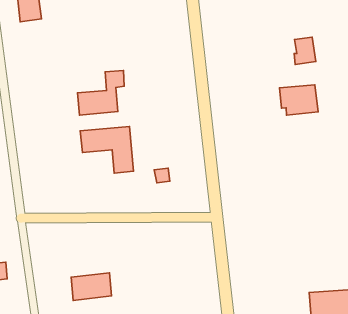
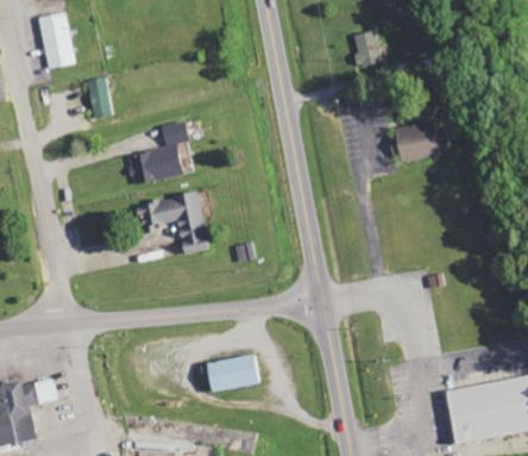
building: none -> [88,76,111,117]
building: [294,37,316,65] -> [352,30,382,67]
building: [71,273,111,300] -> [205,352,258,392]

